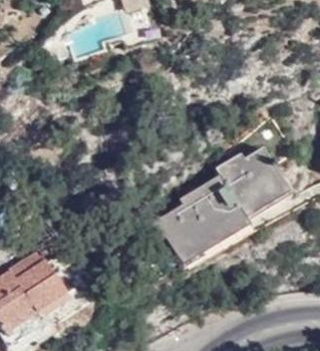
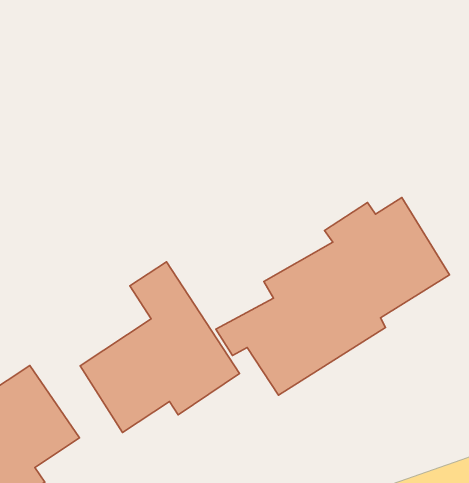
building: none -> [80,262,240,432]

